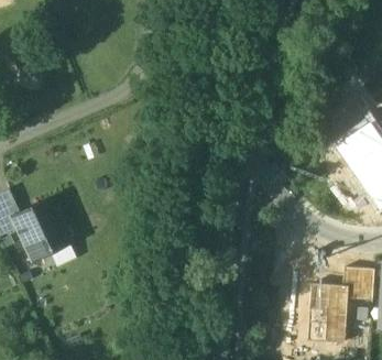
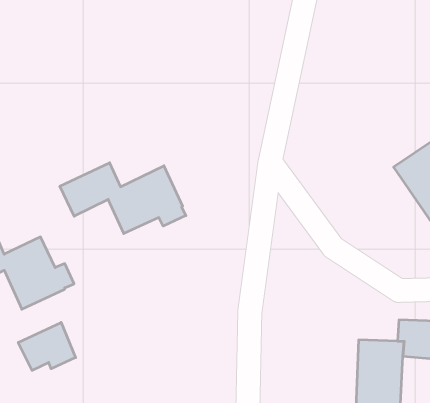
building: none -> [60,163,186,234]
building: none -> [18,322,76,370]

